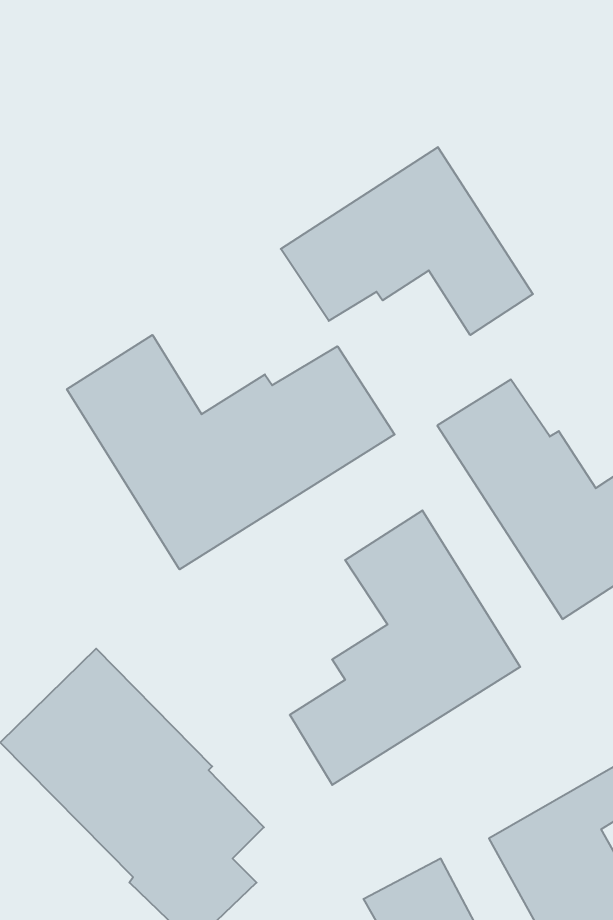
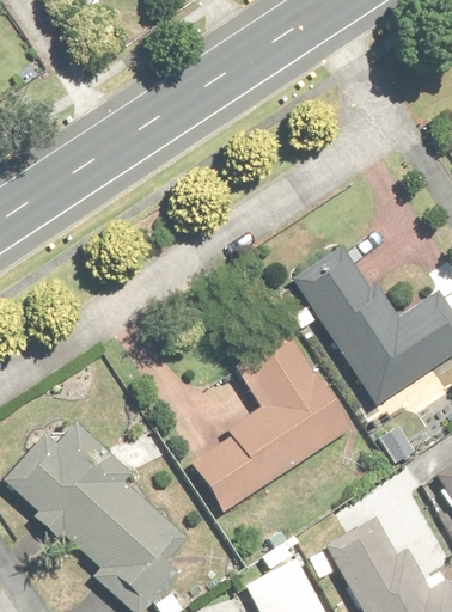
building: [281,147,533,335] -> none
building: [67,335,395,569] -> none

